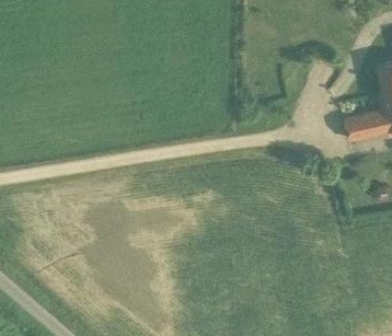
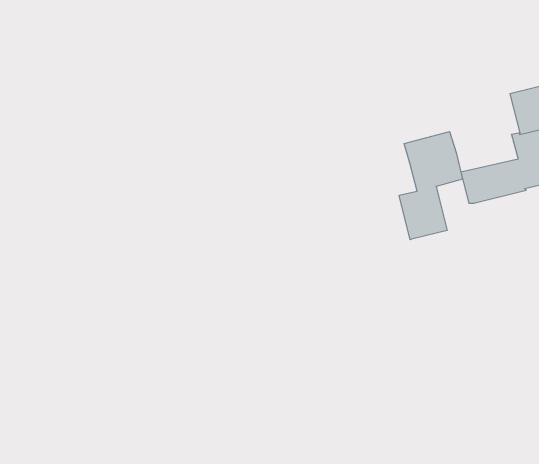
building: none -> [399,132,463,240]

